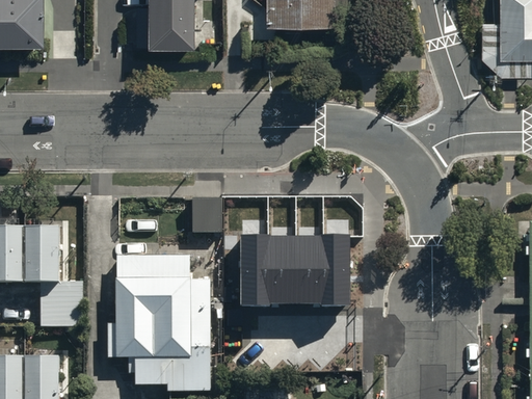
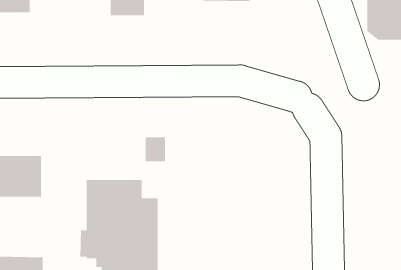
building: [242,237,349,308] -> none
building: [43,286,83,323] -> none

